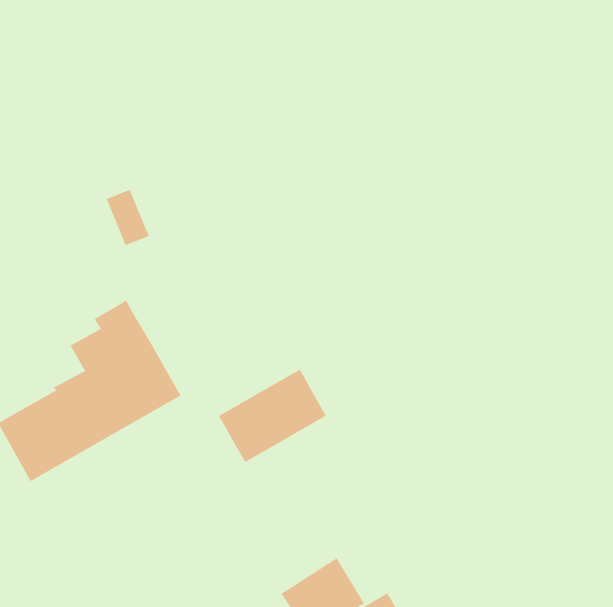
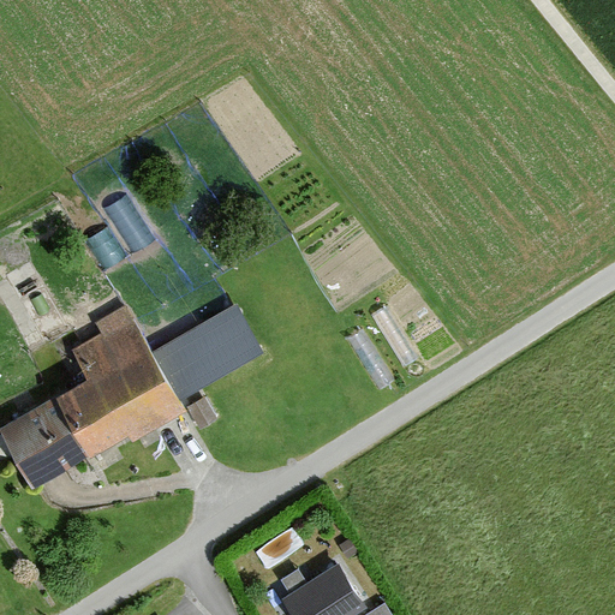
building: [218,369,327,463] -> [153,306,261,400]

